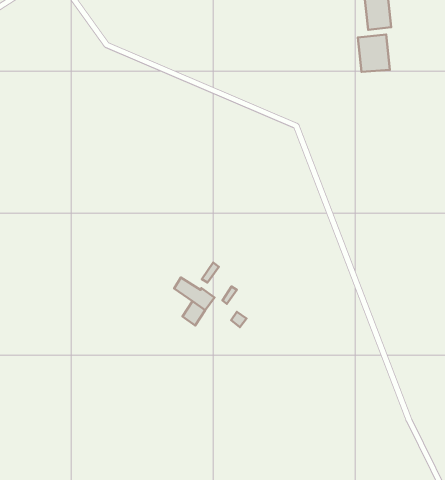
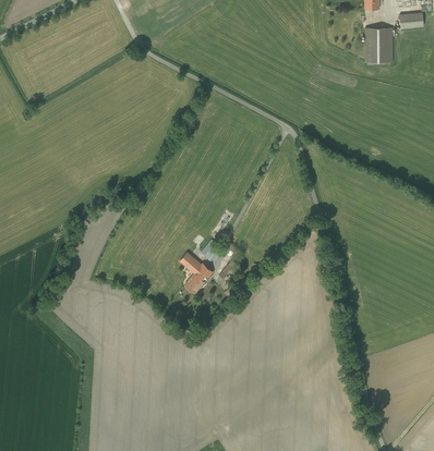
building: [358,34,390,72] -> none

